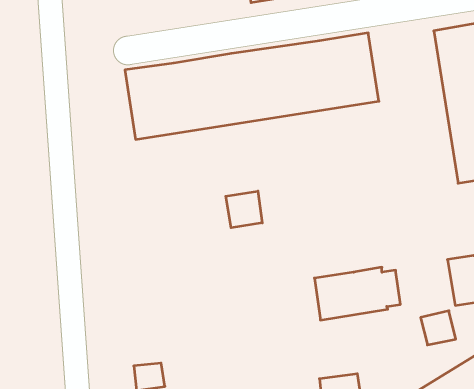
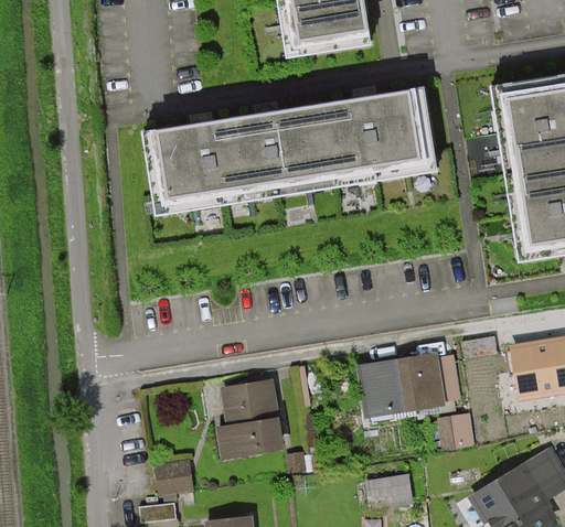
building: [226,191,262,228] -> none
building: none -> [218,380,282,458]
building: [421,311,456,345] -> [439,406,479,444]

